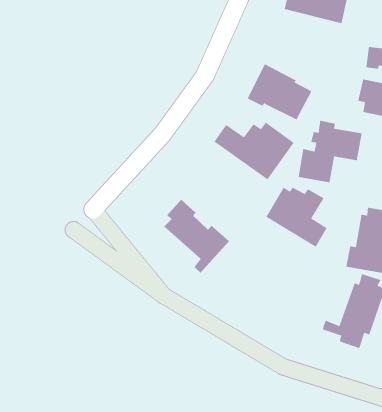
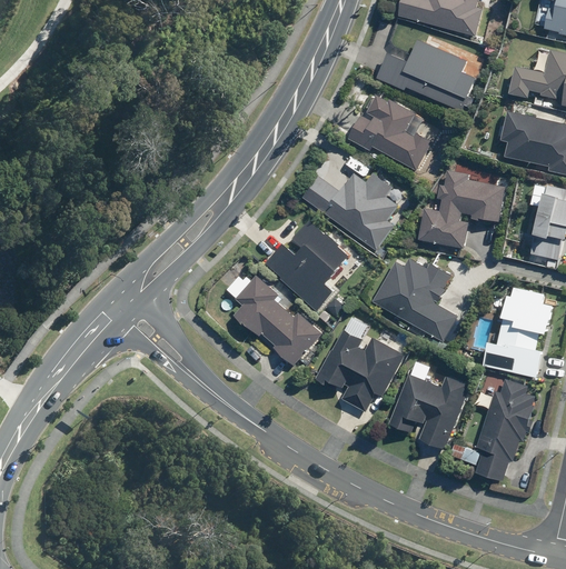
building: none -> [374,30,475,110]
building: none -> [264,219,349,310]
building: none -> [314,329,405,412]
building: none -> [387,372,469,451]

